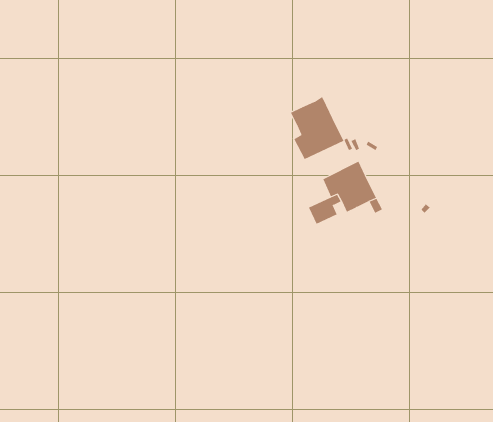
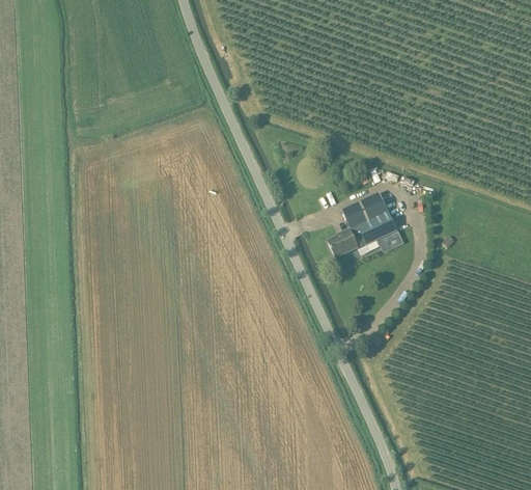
building: [290,96,344,160] -> none

